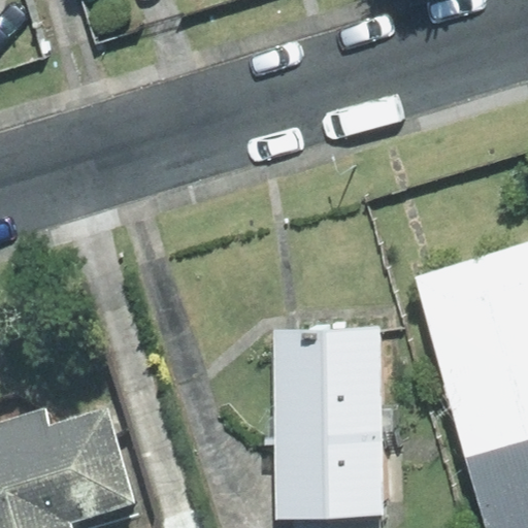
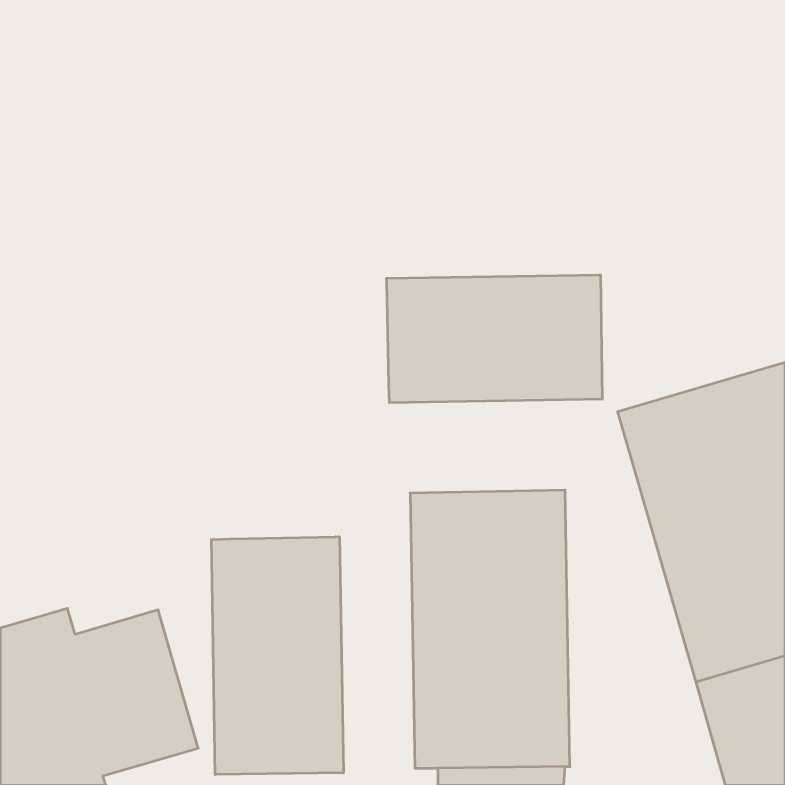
building: none -> [387,275,602,403]
building: none -> [211,537,343,775]

